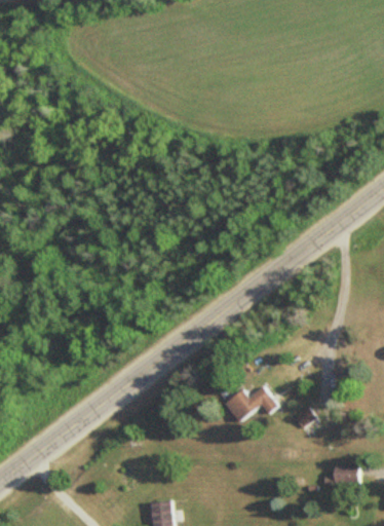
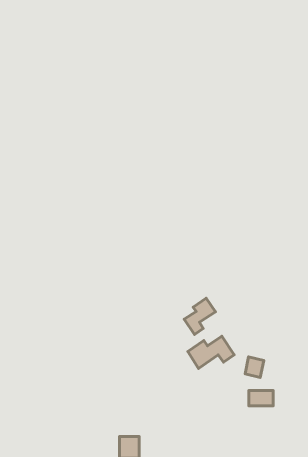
building: none -> [184,298,216,334]
building: [331,465,358,483] -> [249,390,273,406]

